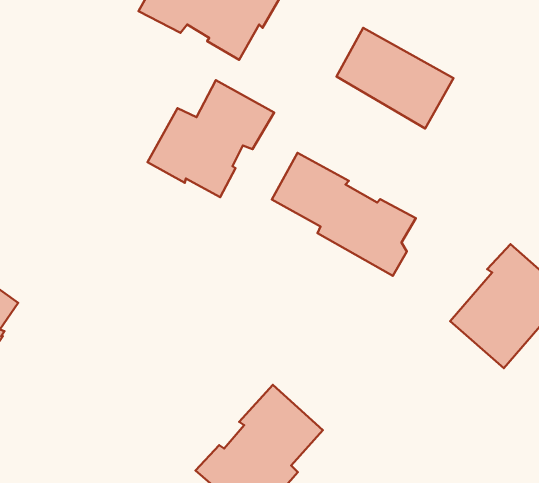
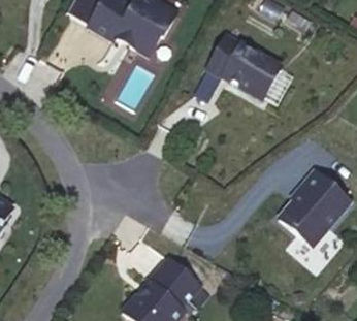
building: [147,80,274,197] -> none
building: [272,153,416,276] -> none

